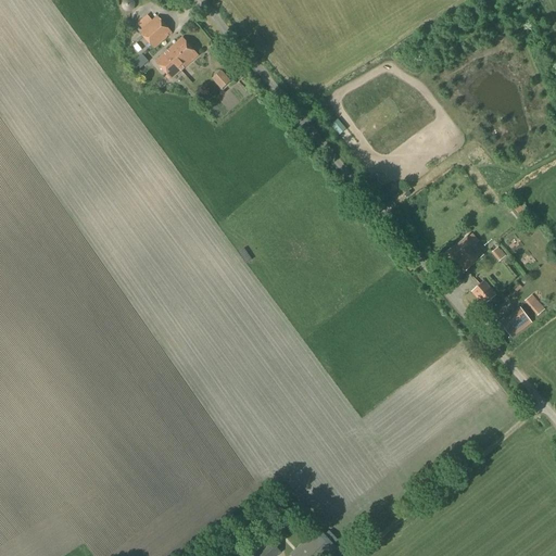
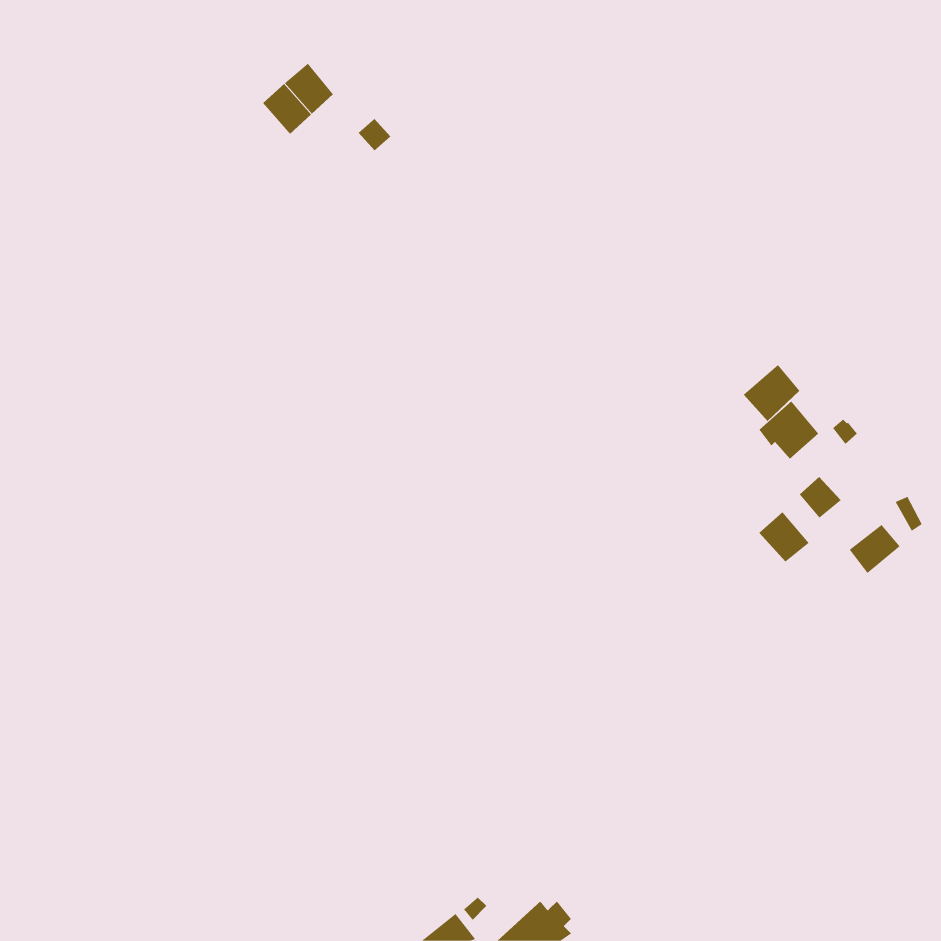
building: [138,16,170,48] -> none
building: none -> [743,364,800,422]
building: none -> [758,511,809,563]

